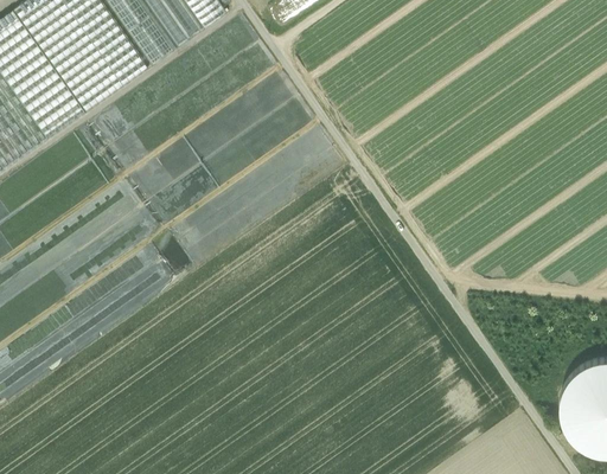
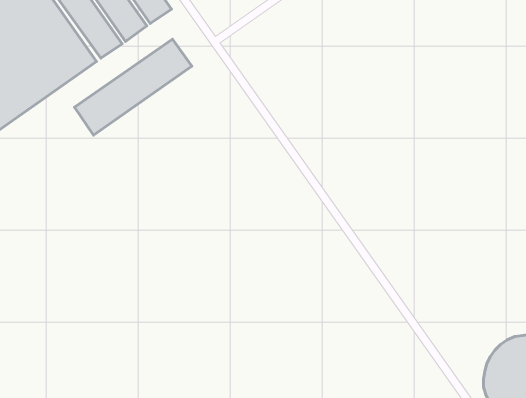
building: none -> [75,39,192,135]

